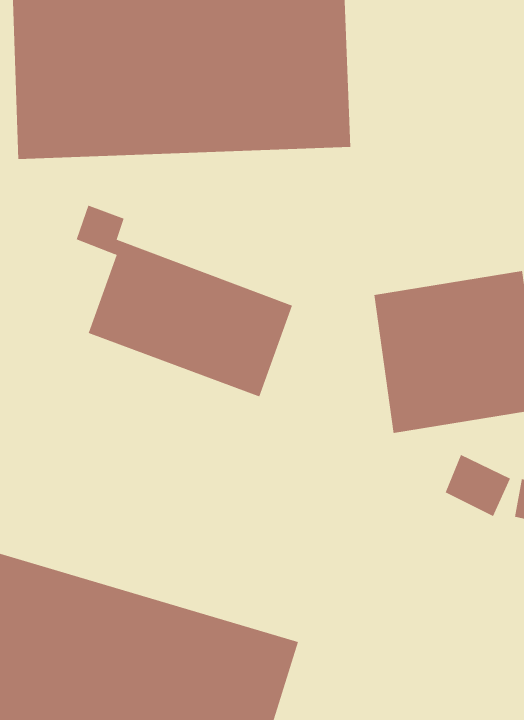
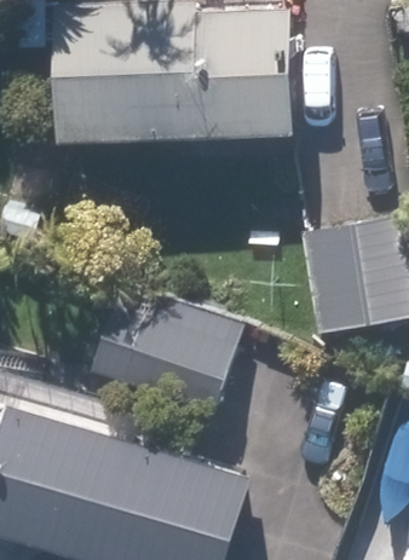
building: [76,205,293,397] -> [85,279,236,414]

